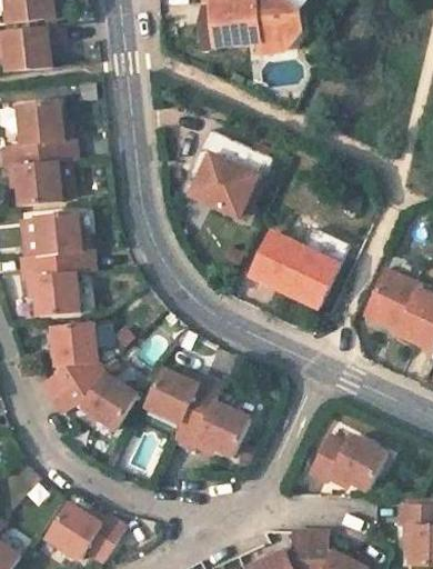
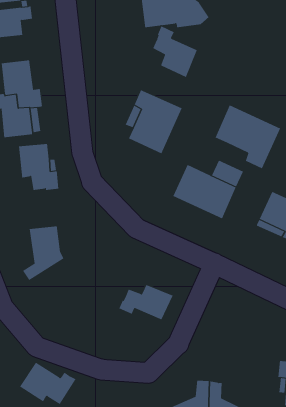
building: none -> [152,26,198,78]
building: none -> [215,105,281,169]
building: [27,254,81,316] -> none
building: [54,366,139,423] -> none
building: [148,367,222,418] -> none
building: [308,431,382,483] -> none

